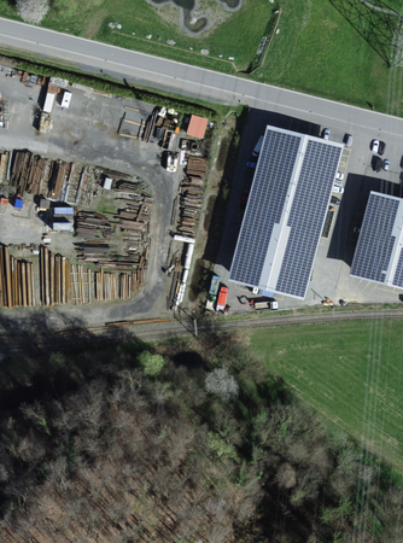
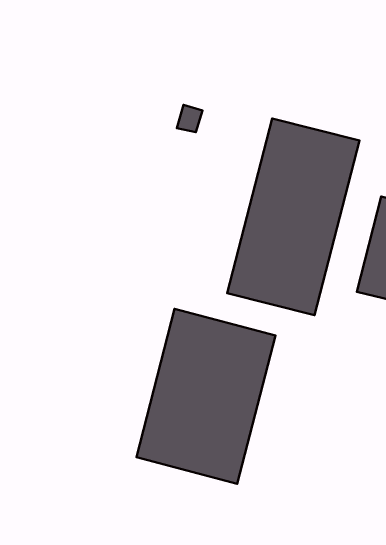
building: none -> [136,309,275,484]

